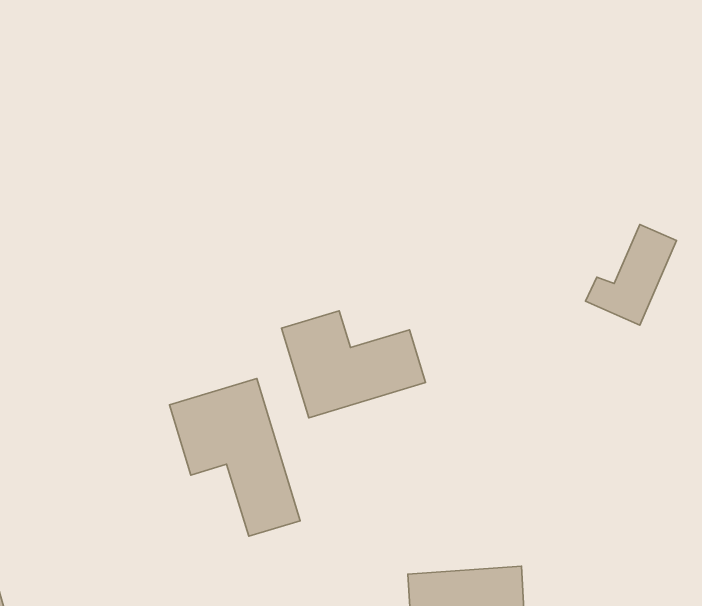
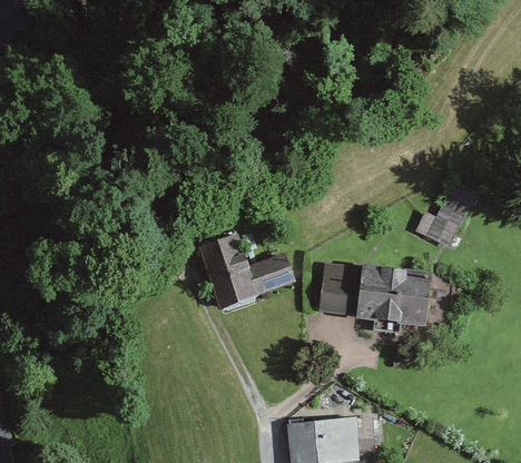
building: none -> [315,265,429,324]
building: [169,378,300,536] -> none

